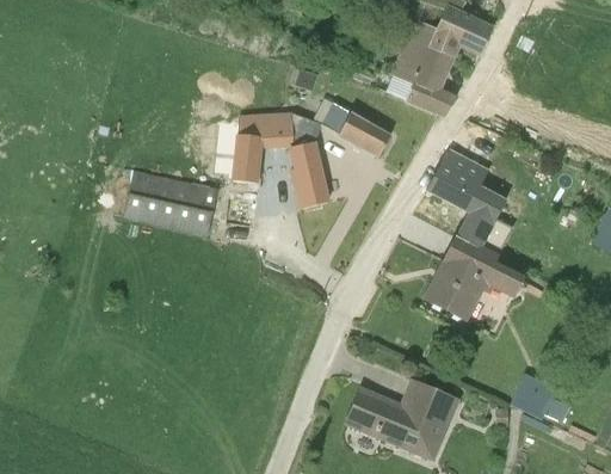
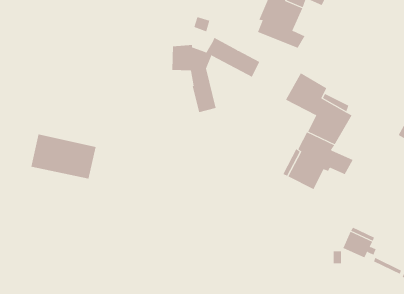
building: [232,112,264,185] -> none
building: [123,171,218,236] -> [31,134,96,179]
building: [346,380,461,461] -> none

